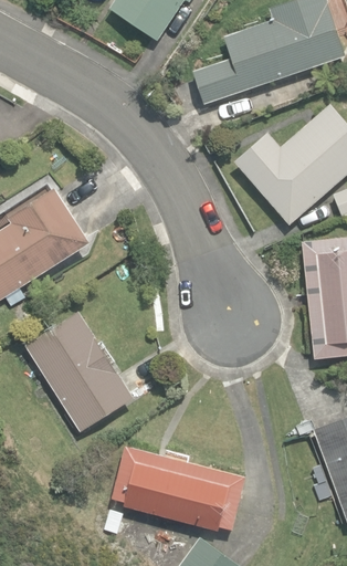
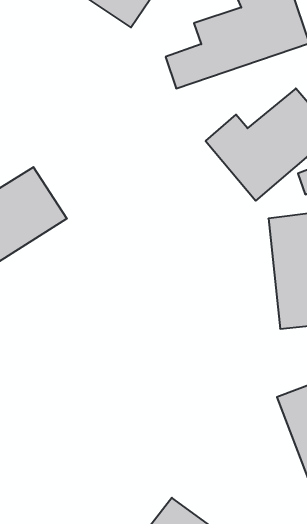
building: [24,311,133,431] -> none
building: [111,446,245,530] -> none

